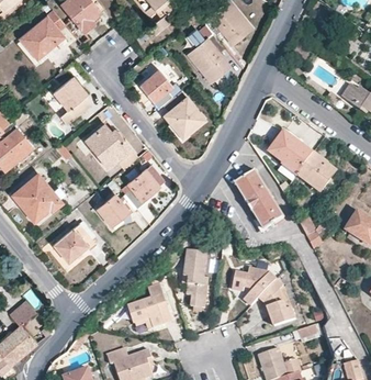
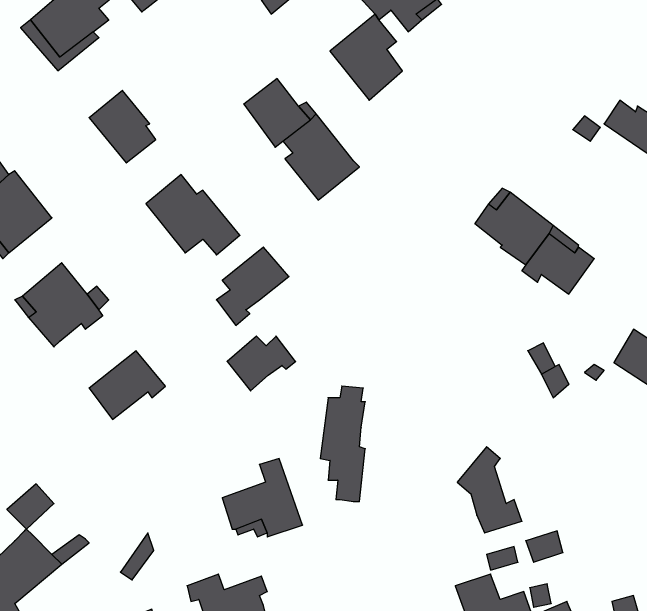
building: [235,170,284,230] -> none
building: [97,194,135,225] -> [227,336,296,391]
building: [232,267,276,305] -> none

